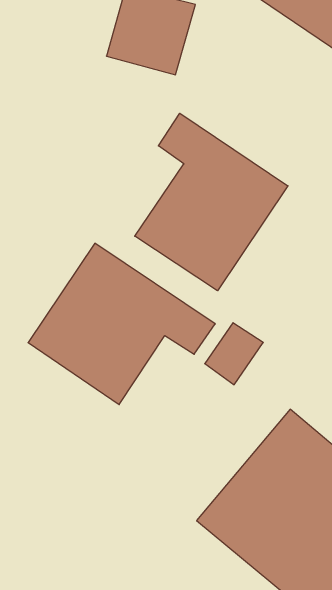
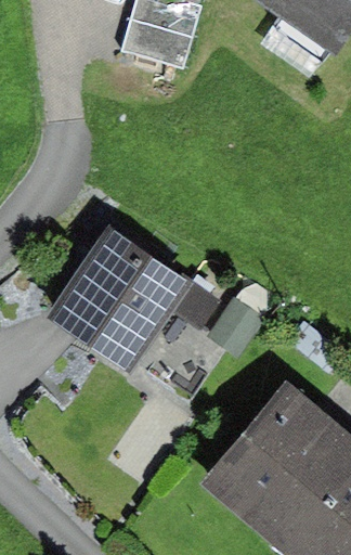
building: [135,113,288,291] -> none

